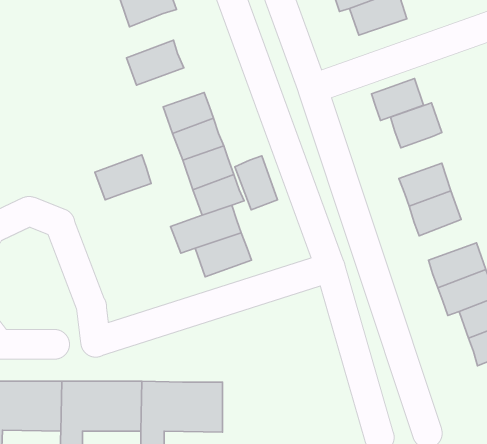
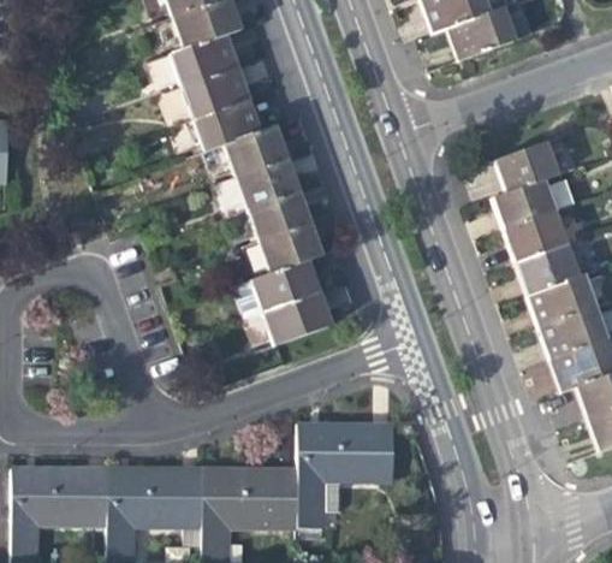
building: none -> [174,35,240,87]
building: [371,79,424,121] -> [494,179,555,229]
building: [95,155,151,200] -> [197,99,263,152]
building: [235,156,277,210] -> none
building: none -> [529,274,596,325]
building: none -> [298,421,396,527]

